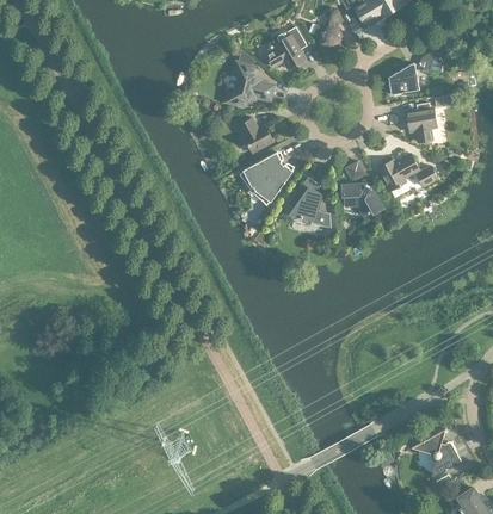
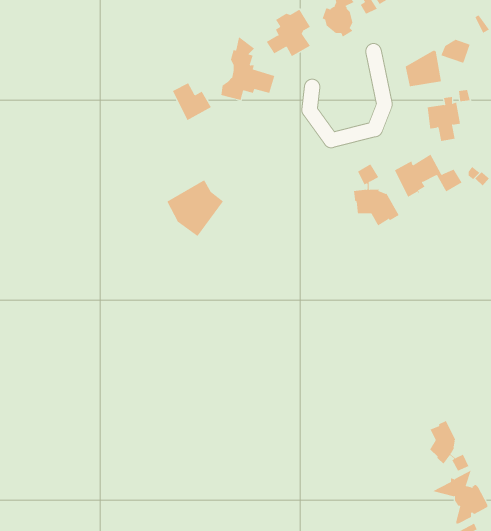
building: [238,118,272,151] -> [172,82,212,121]
building: [242,151,292,202] -> [166,180,224,237]
building: [288,177,331,228] -> none
building: none -> [429,420,469,472]

